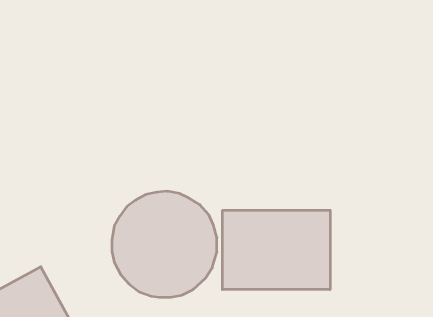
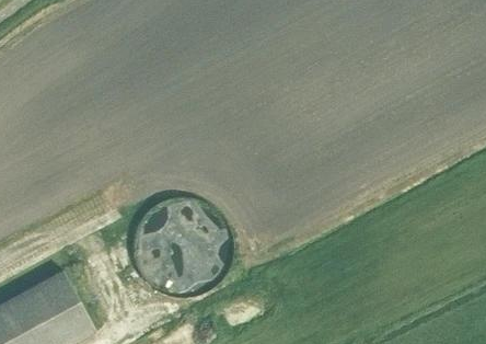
building: [222,210,330,290] -> none

